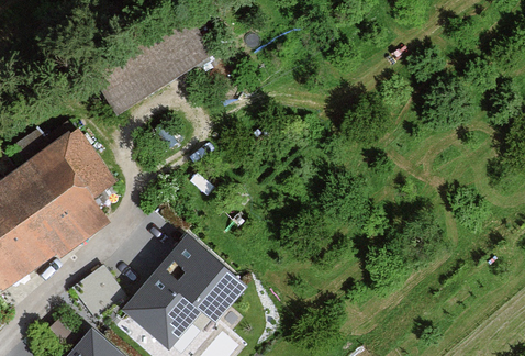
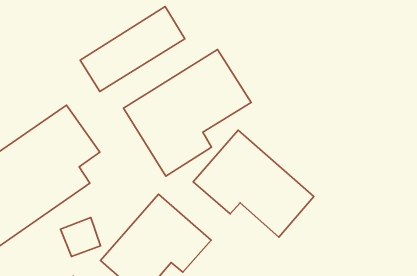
building: none -> [123,50,251,176]
building: none -> [193,130,314,237]

